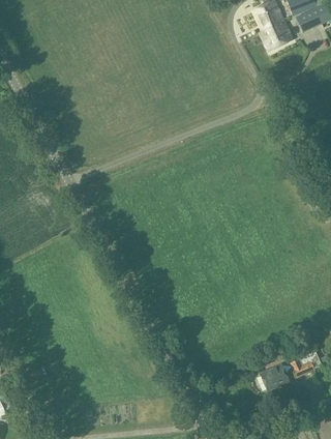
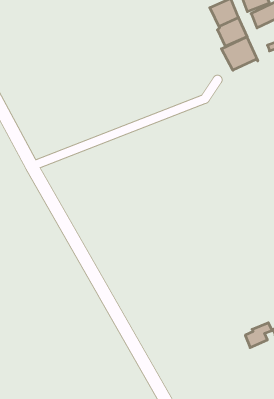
building: none -> [221,37,258,70]
building: [262,362,291,389] -> none

